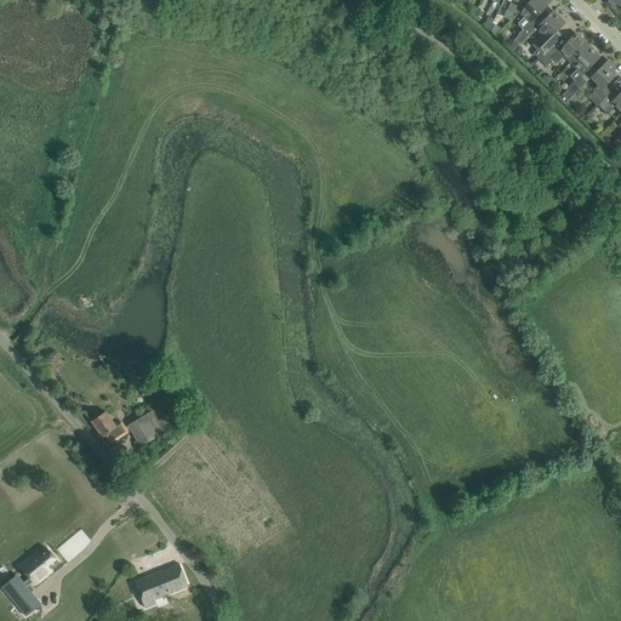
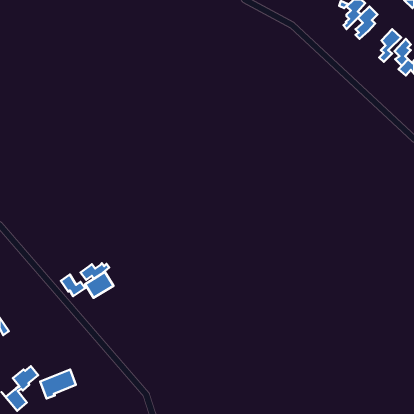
building: [537,32,586,64] -> none
building: none -> [81,263,109,280]
building: [133,563,187,606] -> [40,369,76,399]

